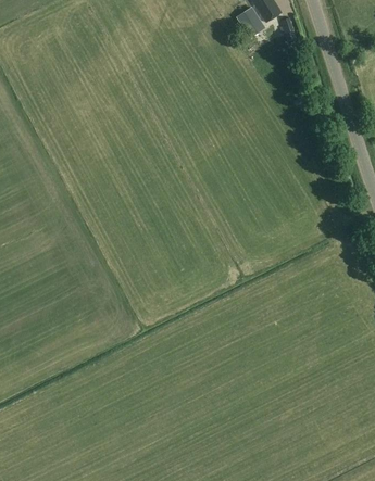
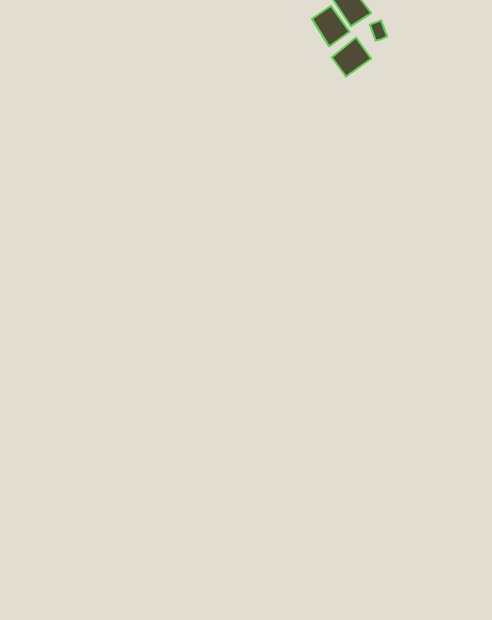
building: none -> [332,38,371,77]

